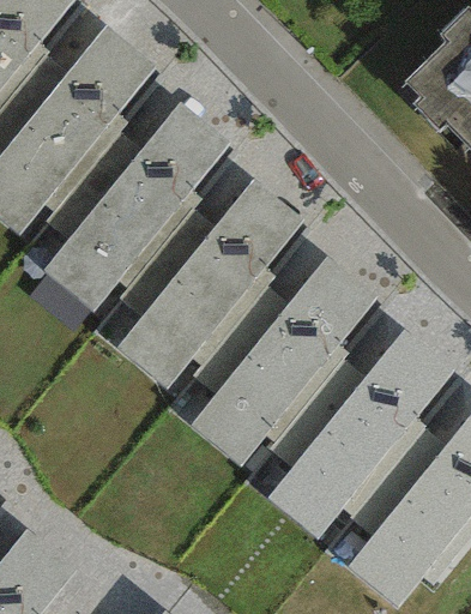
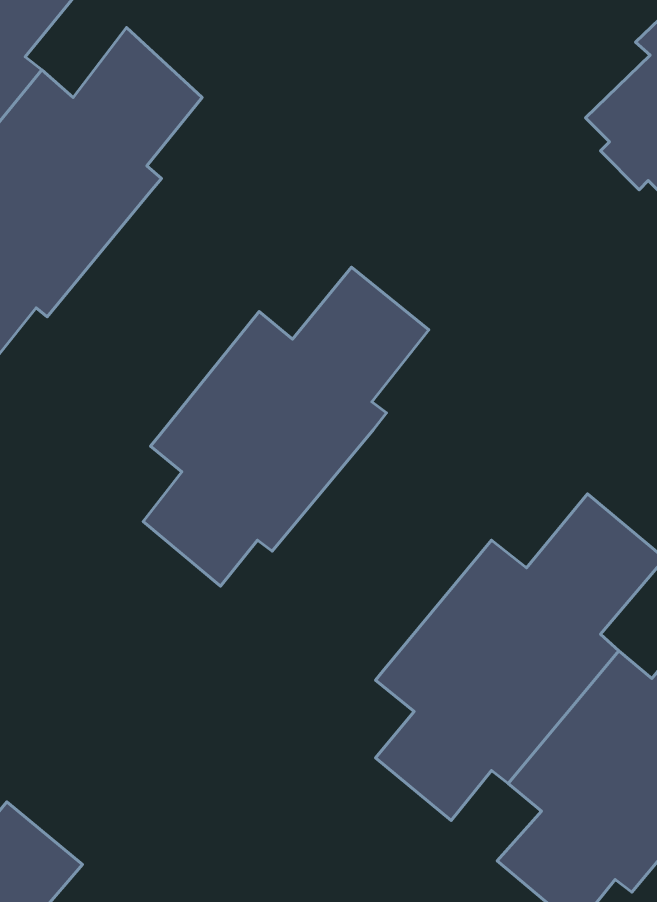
building: [42,101,229,313] -> none
building: [191,254,376,464] -> none

